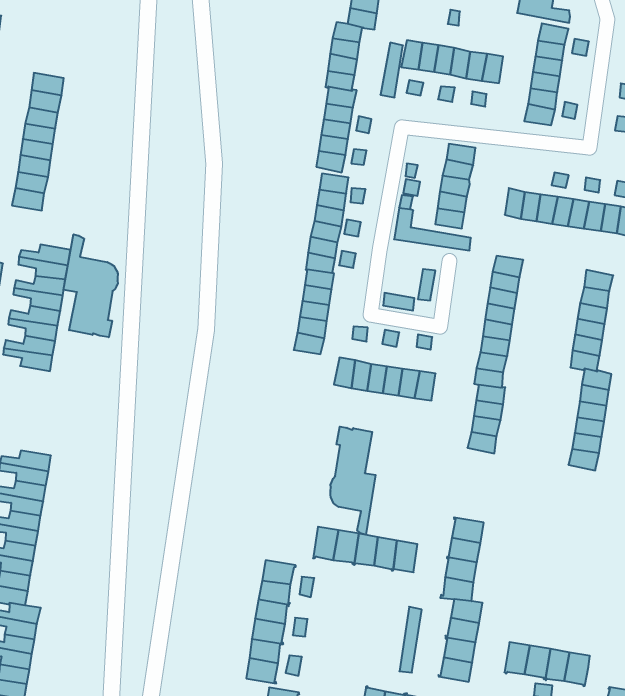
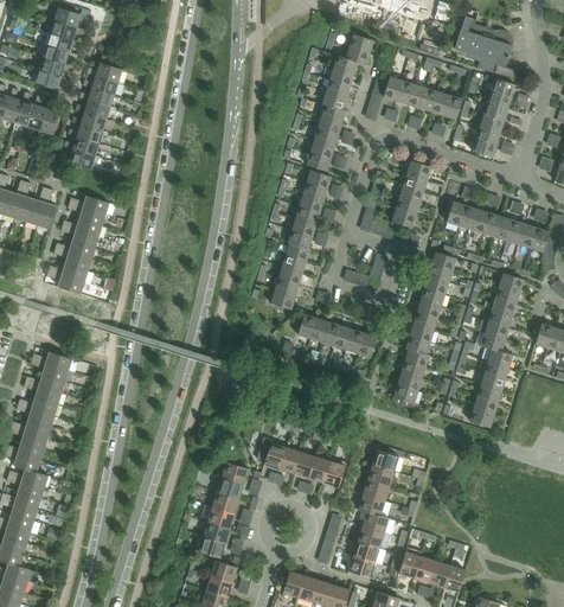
building: [64,234,118,337] -> none
building: [330,427,376,535] -> none

